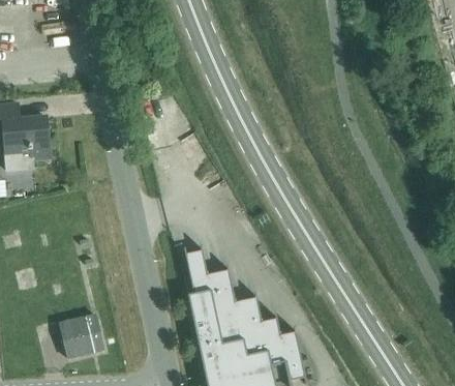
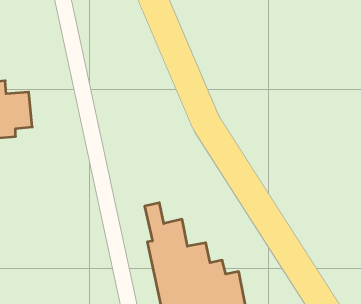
building: [60,314,104,359] -> none

